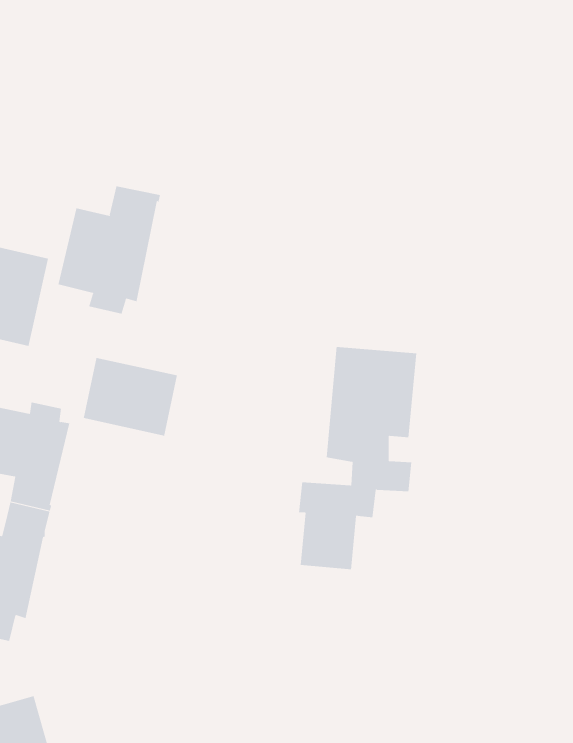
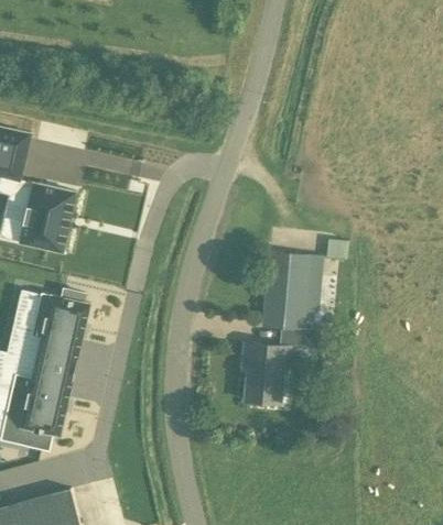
building: [58,186,160,315] -> none
building: [83,357,177,436] -> none

